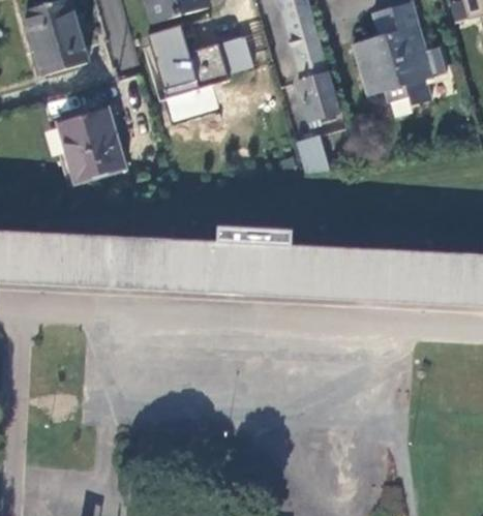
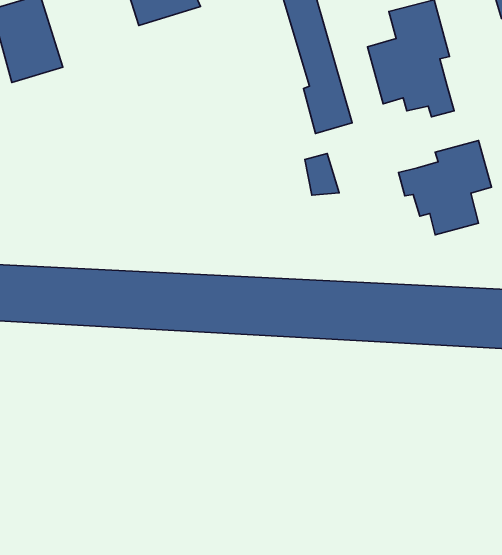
building: [149,23,252,119] -> none
building: [49,105,125,182] -> none
building: none -> [398,140,492,235]

